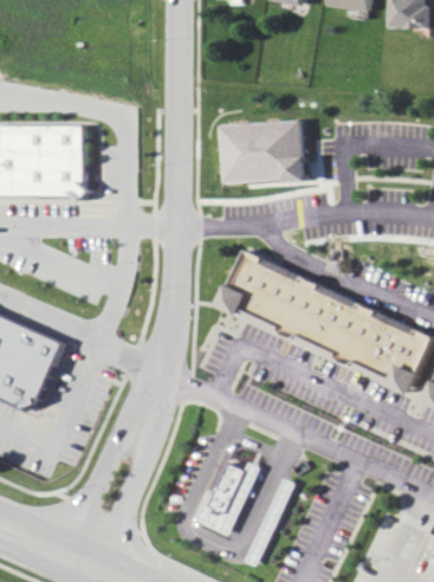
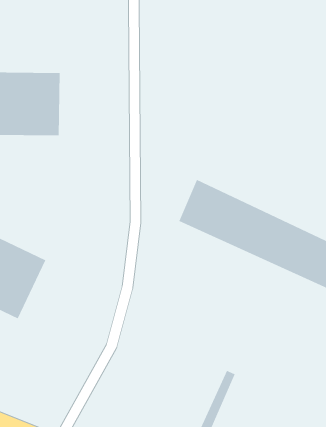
building: [220,119,305,181] -> none
building: [202,463,250,530] -> none

